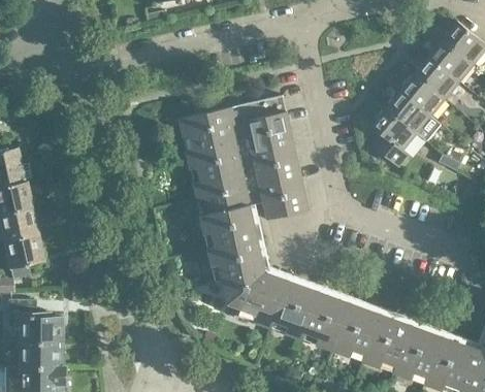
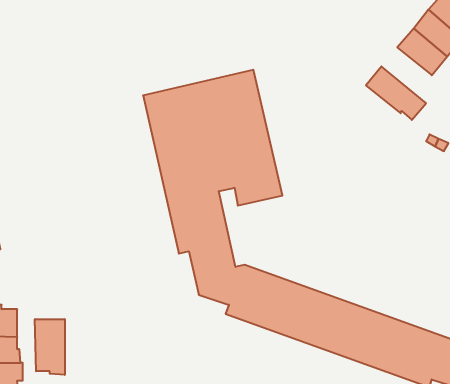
building: [397,73,444,125] -> none
building: [370,108,415,165] -> none
building: none -> [35,319,65,375]

